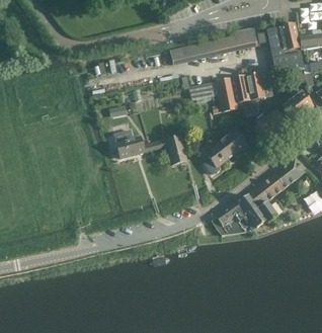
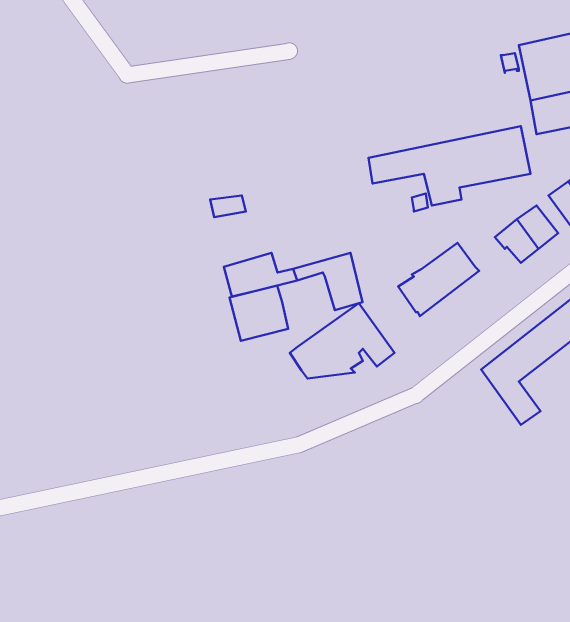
building: [169,27,257,64] -> none
building: none -> [230,286,288,341]
building: [212,195,265,234] -> [290,303,395,378]

